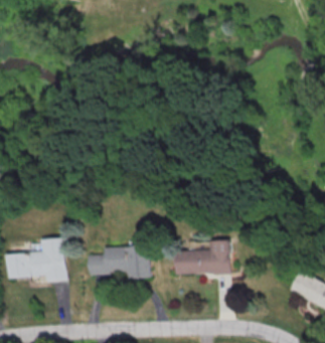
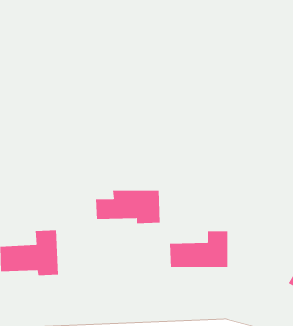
building: [88,246,150,279] -> [95,190,160,224]

